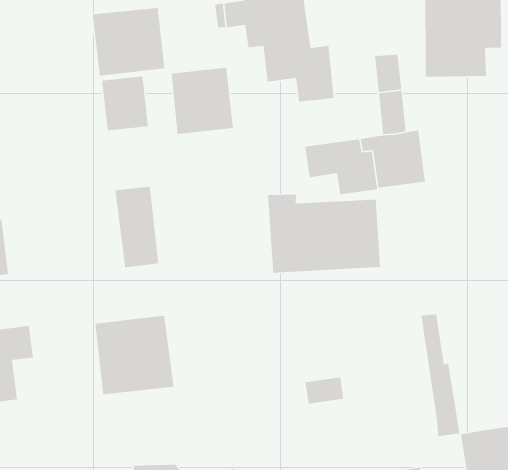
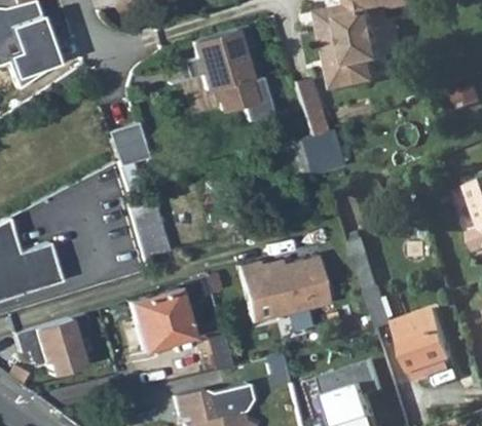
building: [92,7,165,76] -> none
building: [171,67,234,135] -> none
building: [267,194,381,274] -> [242,256,330,320]

